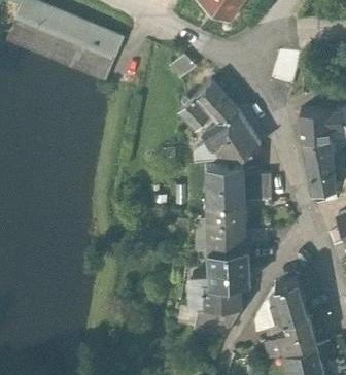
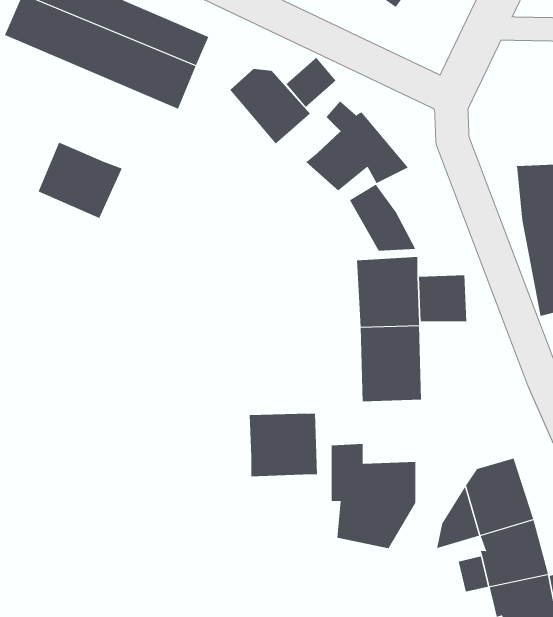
building: none -> [229,68,311,144]
building: none -> [38,142,123,219]
building: [218,111,261,158] -> none
building: [210,243,249,279] -> [249,413,318,477]

